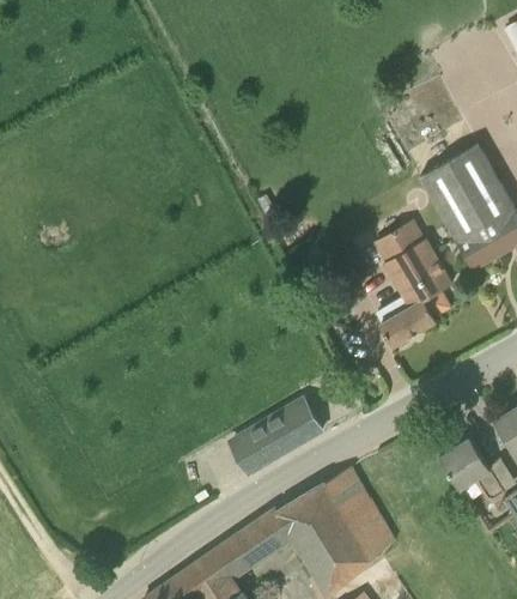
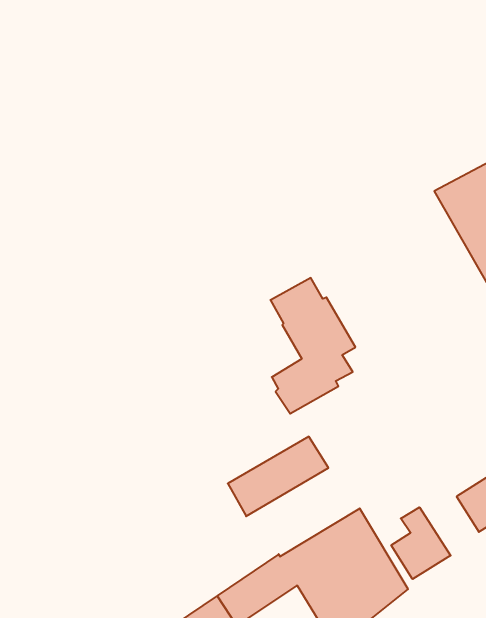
building: [375,222,452,346] -> [270,278,355,414]
building: none -> [391,507,451,579]

